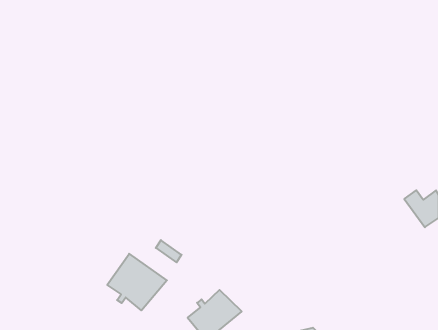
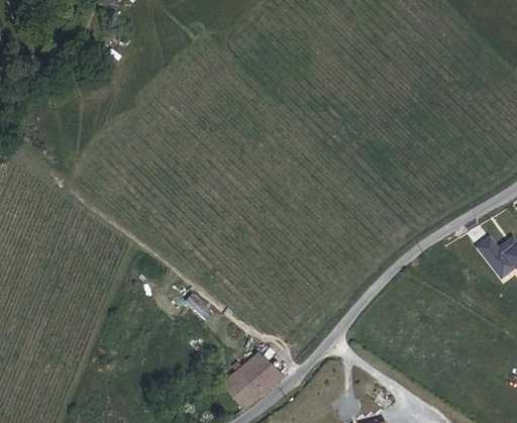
building: [107,254,167,310] -> none

